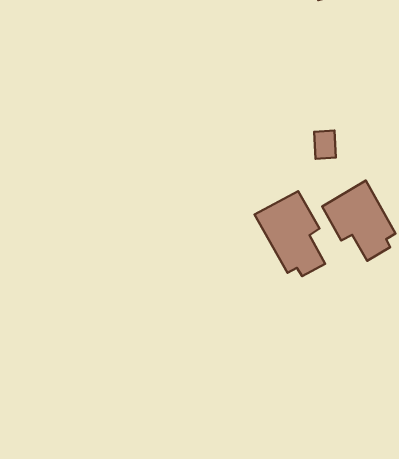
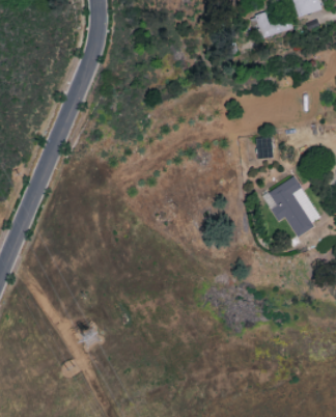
building: [255,191,325,276] -> none

